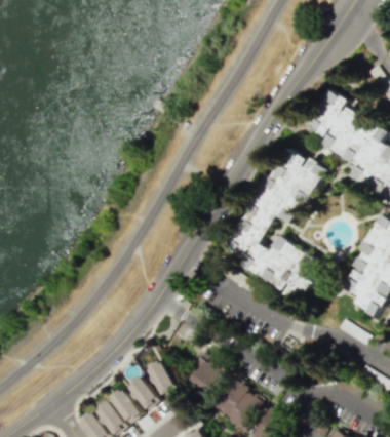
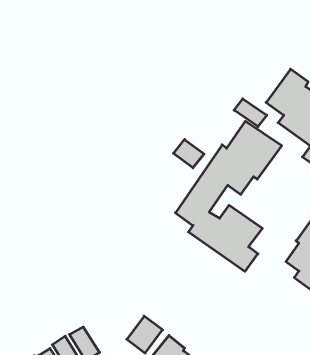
building: none -> [234,99,267,127]
building: none -> [173,139,204,168]
building: [148,359,177,394] -> none

